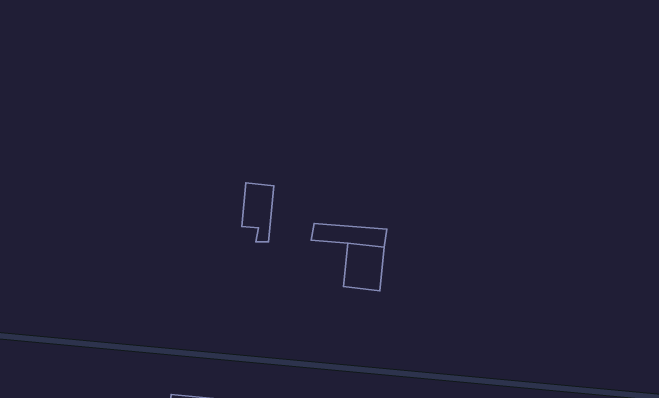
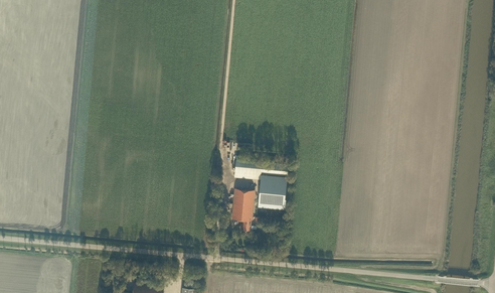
building: [242,183,274,242] -> [231,190,255,233]

